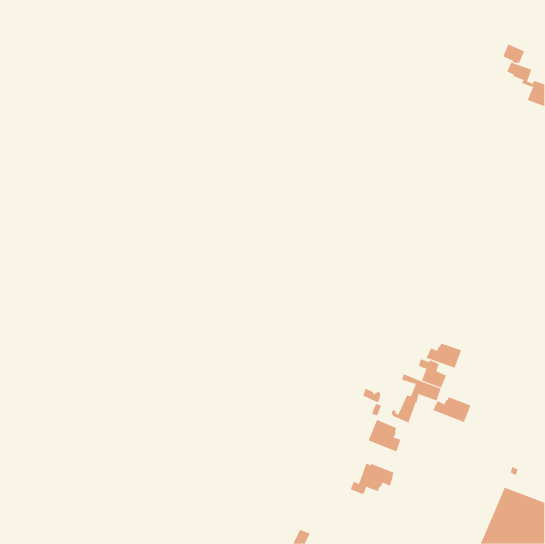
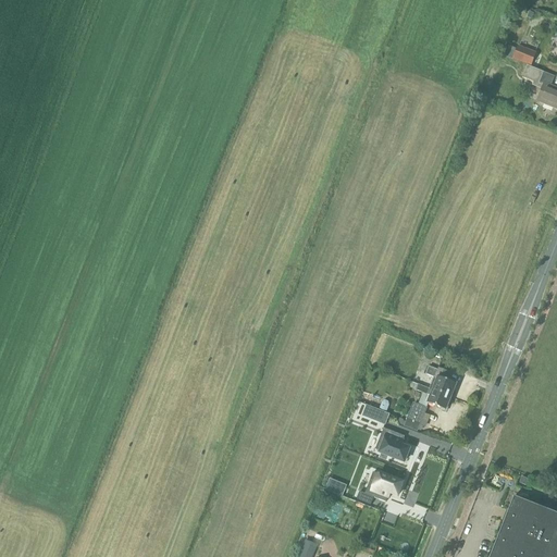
building: [426,343,462,369] -> none
building: [433,397,471,423] -> none

